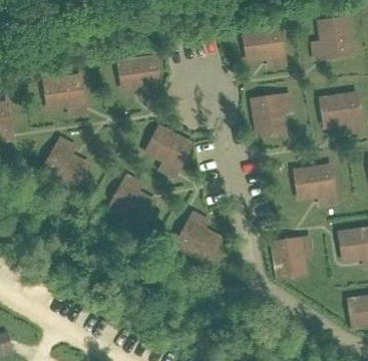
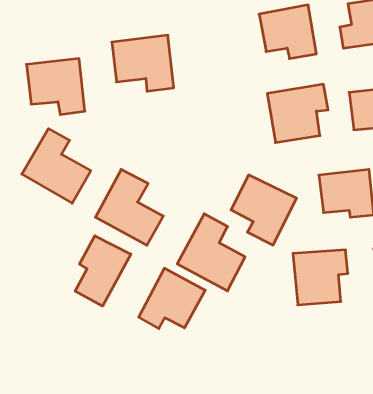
building: [145,122,202,183] -> [231,175,297,245]
building: none -> [75,236,131,306]
building: none -> [139,268,205,329]

